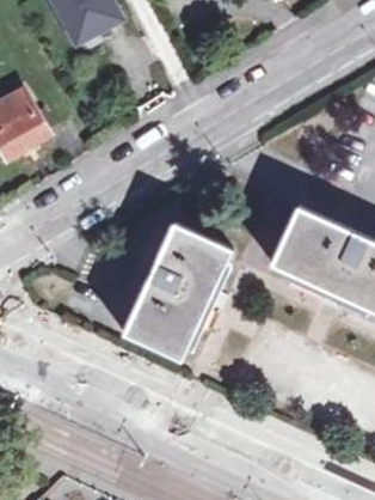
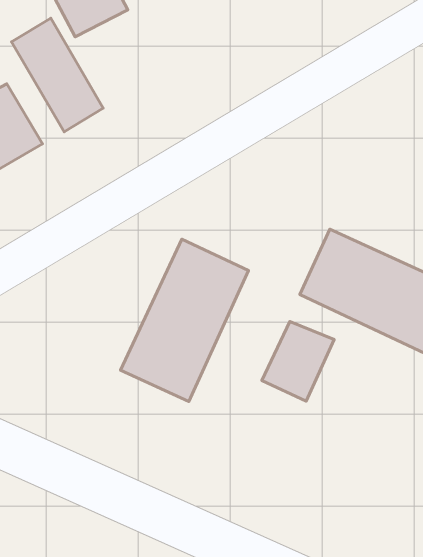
building: none -> [12,18,103,132]
building: none -> [262,322,334,401]

